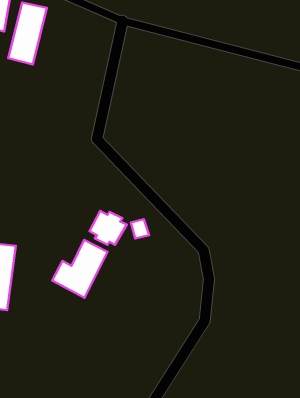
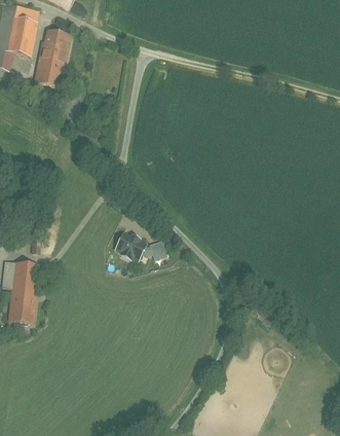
building: [52,240,107,298] -> none

